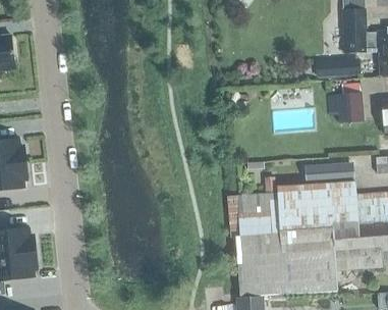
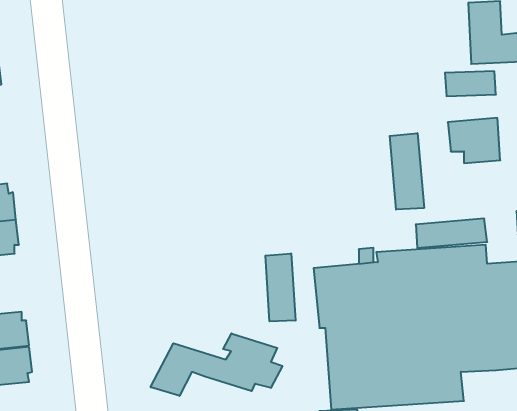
building: none -> [390,133,424,210]
building: none -> [265,253,296,321]
building: none -> [151,333,282,396]

